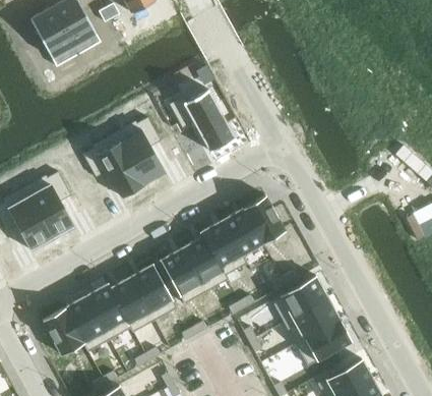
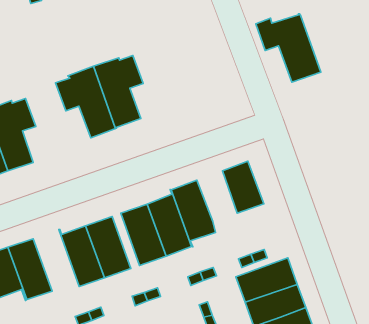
building: [170,90,235,152] -> [256,14,321,82]
building: [223,208,263,254] -> none
building: [85,284,133,340] -> none

